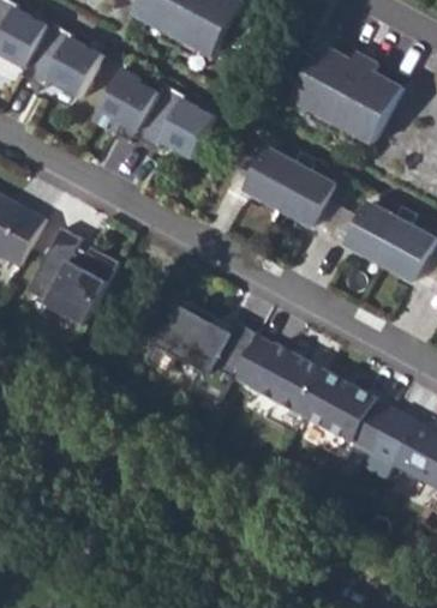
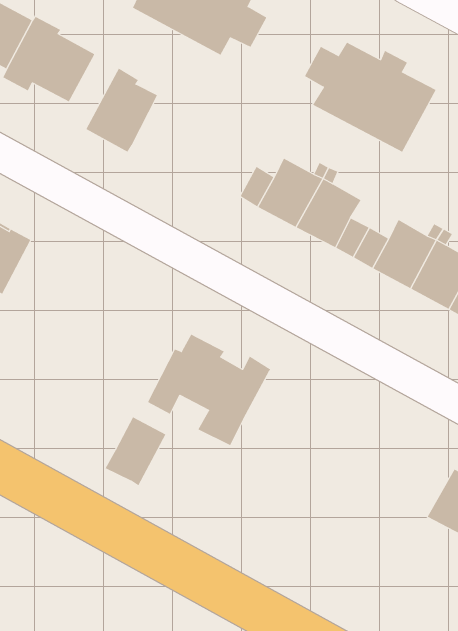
building: [134,84,215,159] -> none
building: [28,228,120,320] -> none
building: [233,335,395,451] -> none
building: none -> [105,417,166,486]

